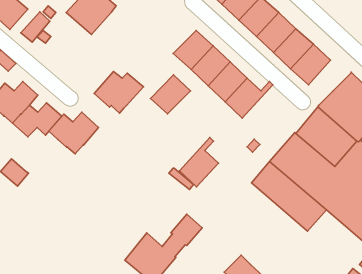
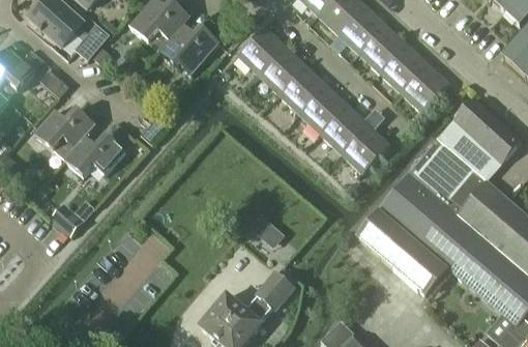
building: [94,71,143,113] -> [160,25,221,76]
building: [151,75,191,114] -> [239,27,288,75]
building: [49,112,99,154] -> none
building: [179,138,218,187] -> [344,113,391,173]

